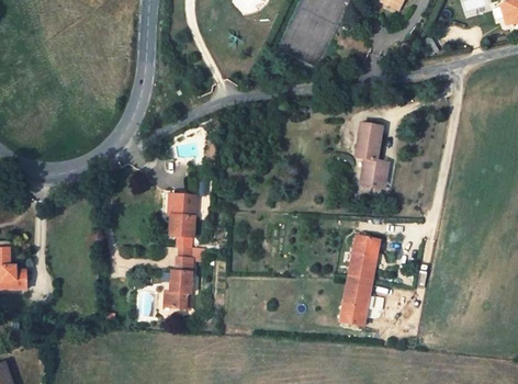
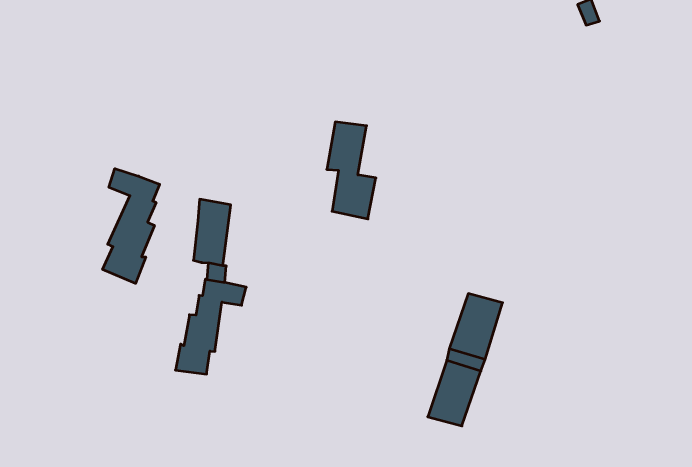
building: [353,129,386,192] -> [327,122,376,219]
building: none -> [103,169,160,283]

